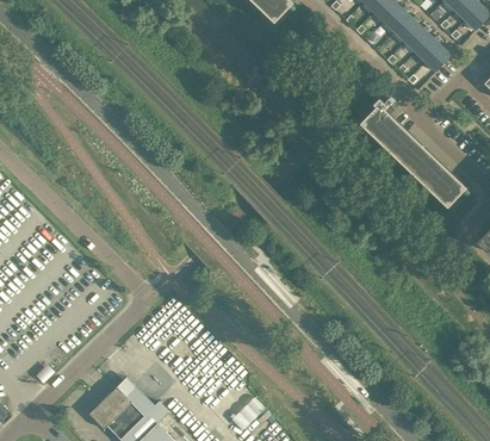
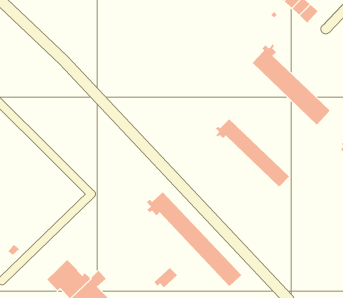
building: none -> [215,118,290,187]
building: none -> [146,191,242,286]

